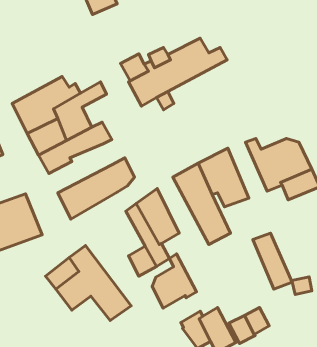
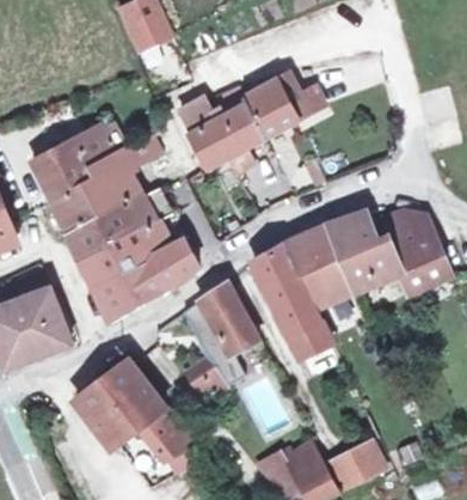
building: none -> [80,219,166,286]
building: [253,233,292,289] -> [325,217,379,293]
building: [152,254,197,308] -> none

